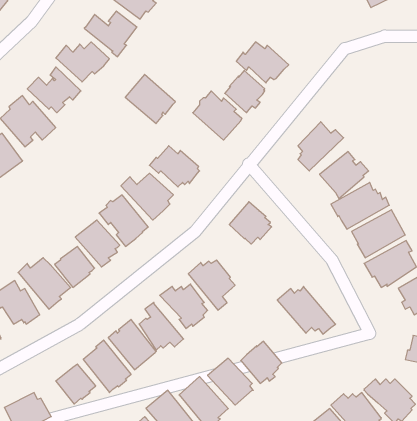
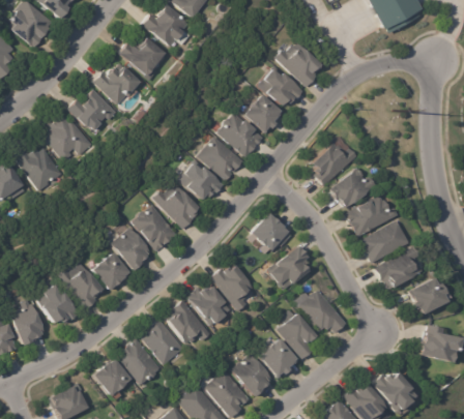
building: none -> [274,42,321,86]
building: [125,74,175,124] -> [198,136,243,180]
building: none -> [266,244,311,290]
building: none -> [279,309,321,359]

